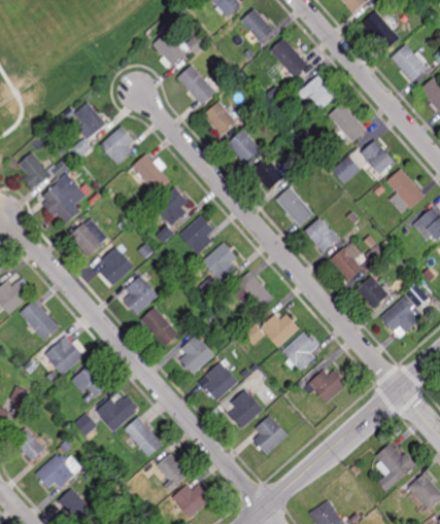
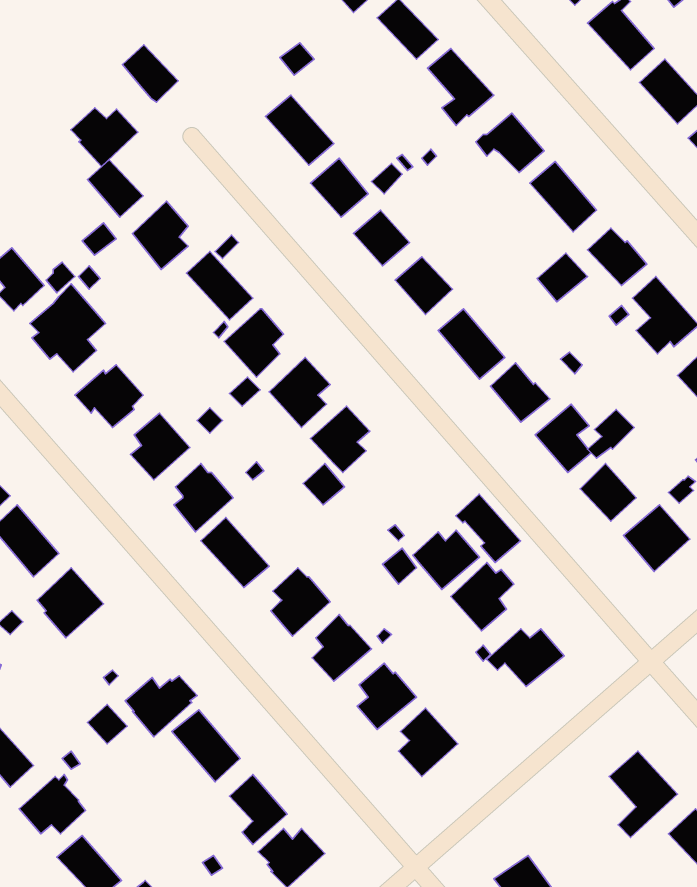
building: [153,33,184,66] -> [122,45,178,102]
building: none -> [71,108,138,167]
building: [236,272,273,311] -> [456,494,520,562]
building: [71,364,108,398] -> none

